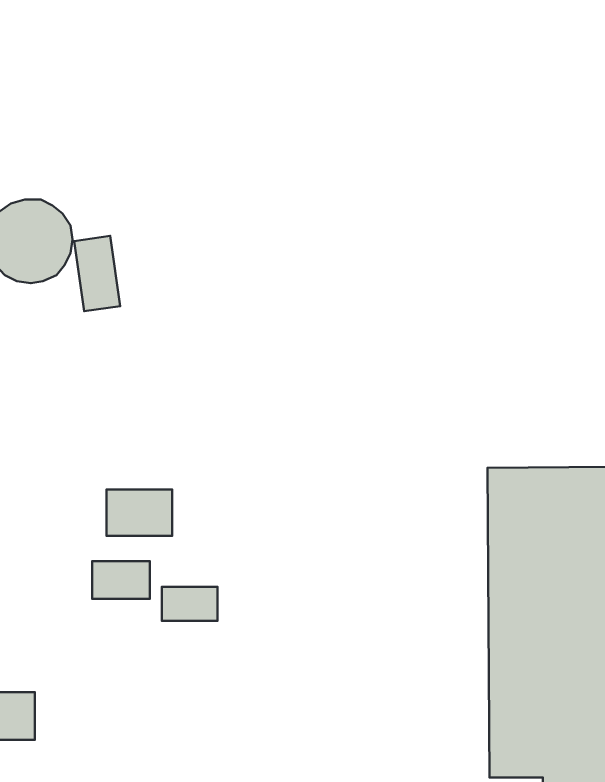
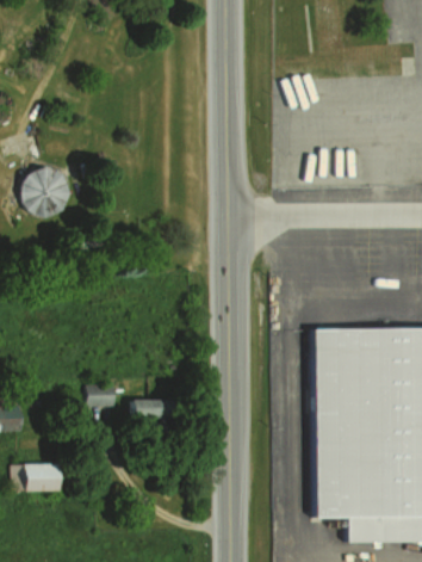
building: [74,236,120,311] -> none
building: [106,489,172,536] -> none

